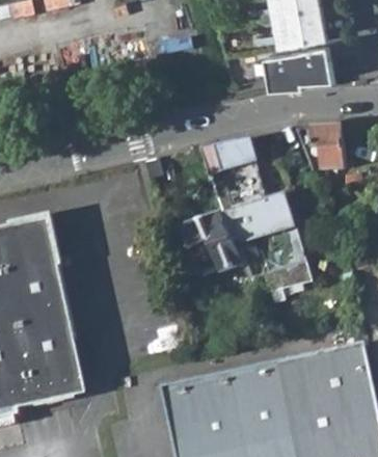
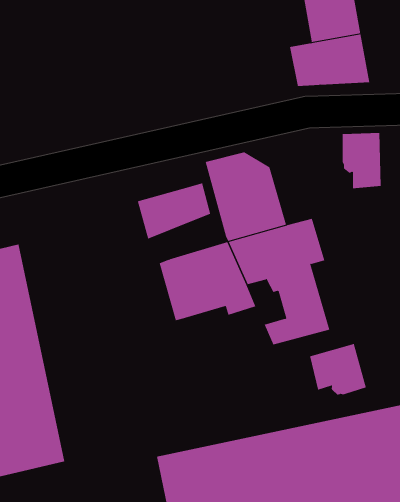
building: none -> [137,183,211,240]
building: none -> [310,343,366,395]

